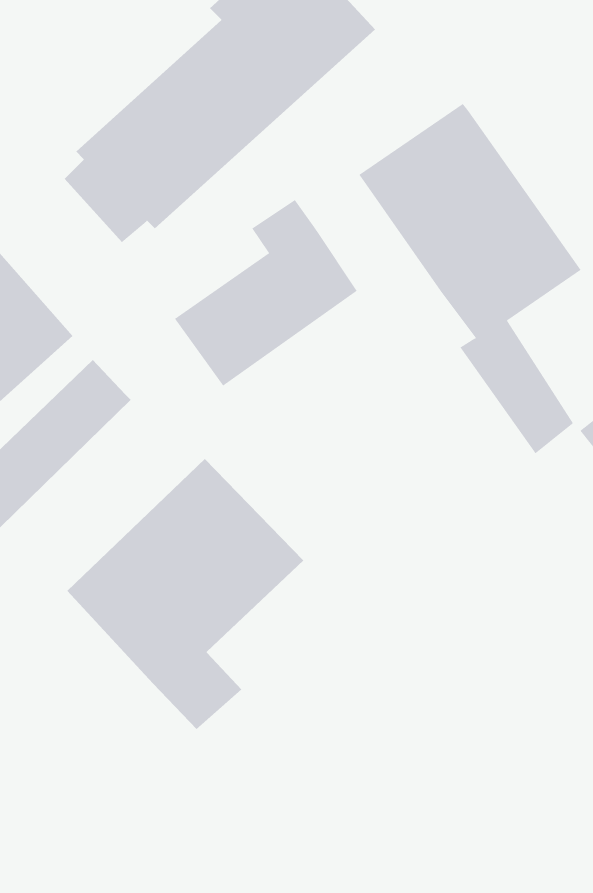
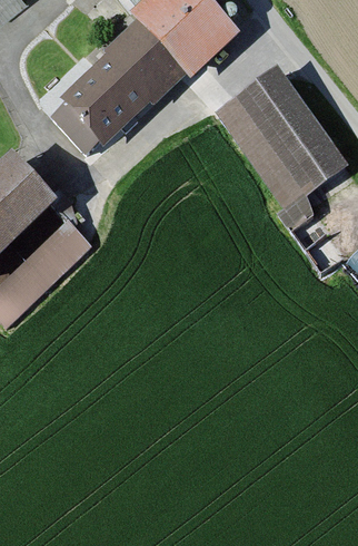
building: [174,199,358,386] -> none
building: [66,458,304,730] -> none

